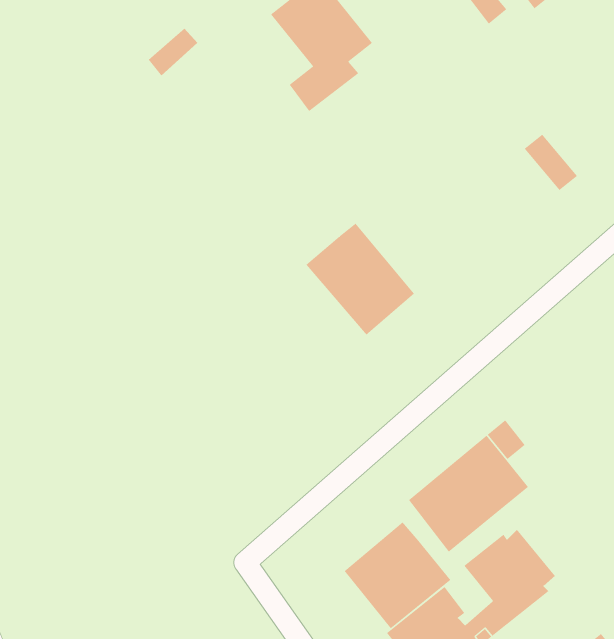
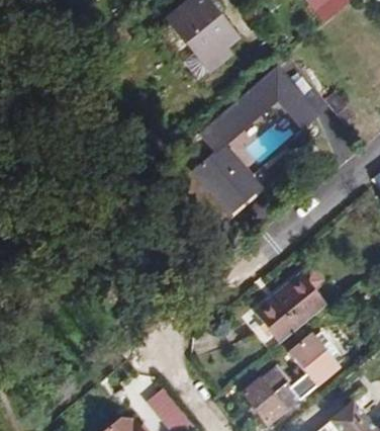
building: none -> [199,70,315,153]
building: [344,521,451,629] -> none

